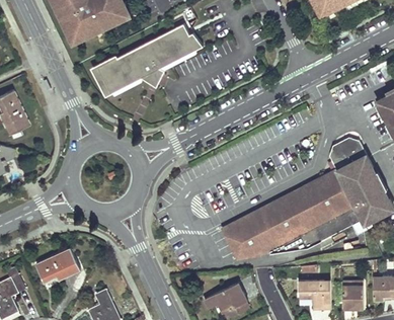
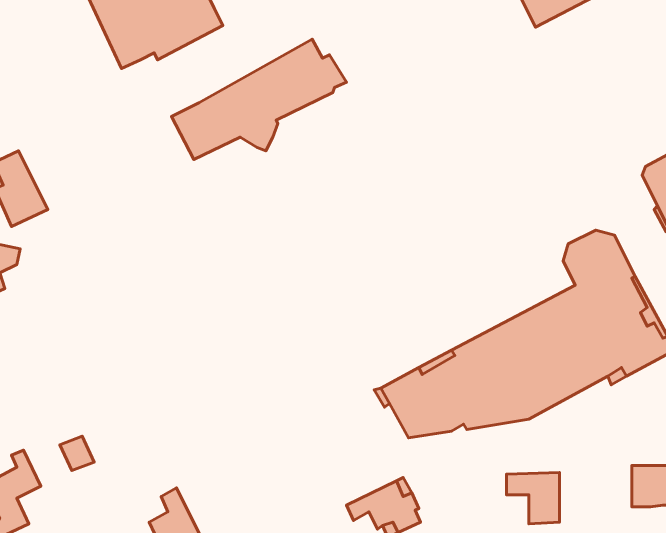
building: [91,59,117,101] -> none
building: [49,248,80,278] -> none
building: [335,282,364,309] -> none

